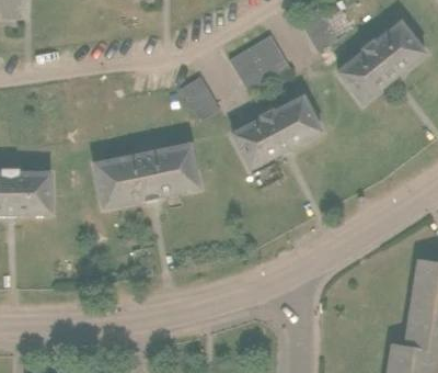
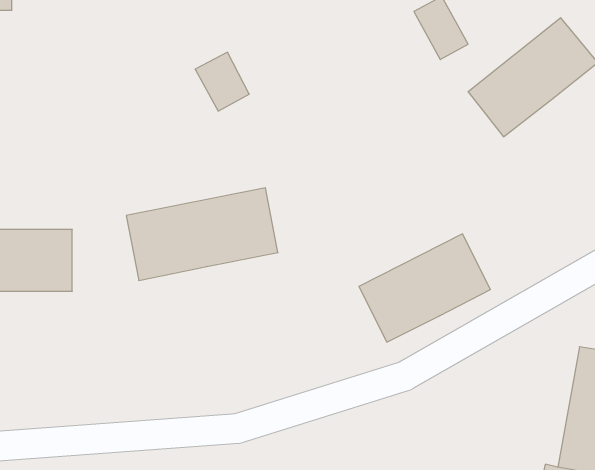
building: [232,34,291,89] -> none
building: [183,76,221,117] -> [195,52,249,111]
building: [234,95,327,172] -> [359,234,490,342]

